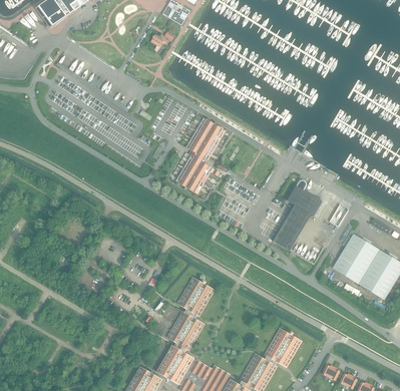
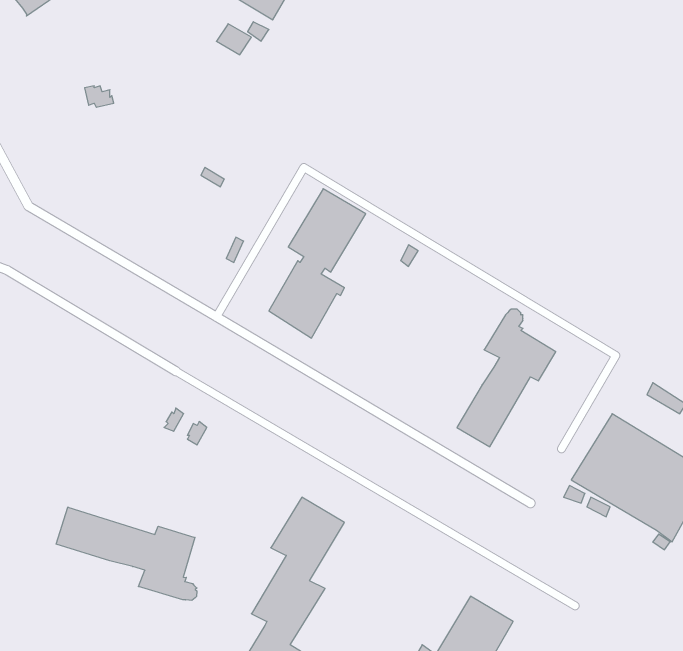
building: none -> [56,507,197,600]

